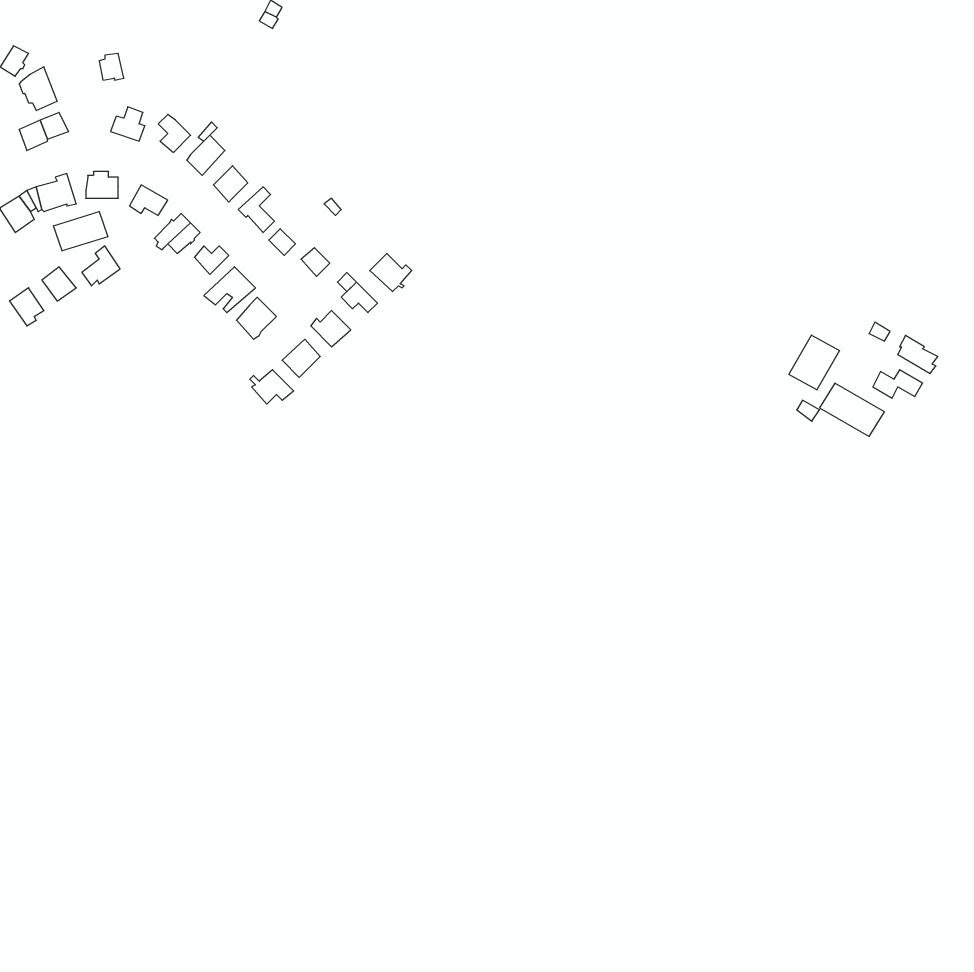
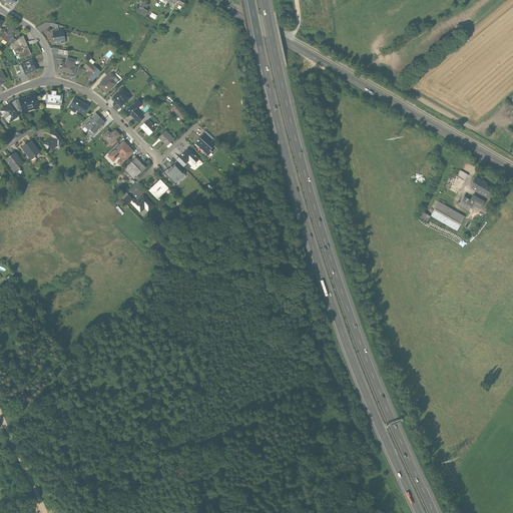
building: [54,211,108,251] -> none
building: [789,335,840,390] -> none

